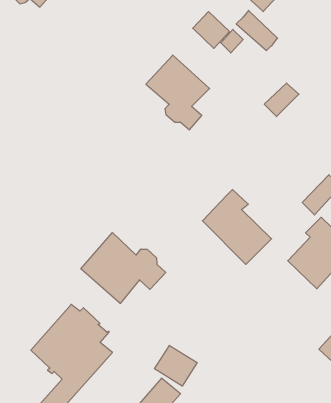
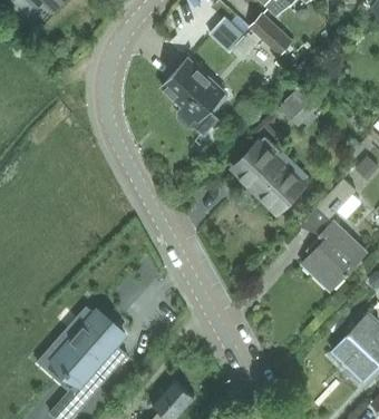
building: [202,190,272,264] -> [233,137,302,212]
building: [81,233,166,304] -> none
building: [155,345,197,386] -> none

